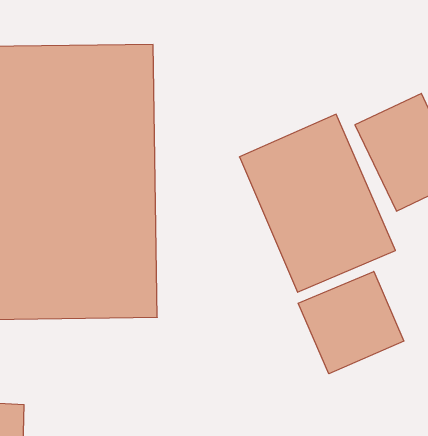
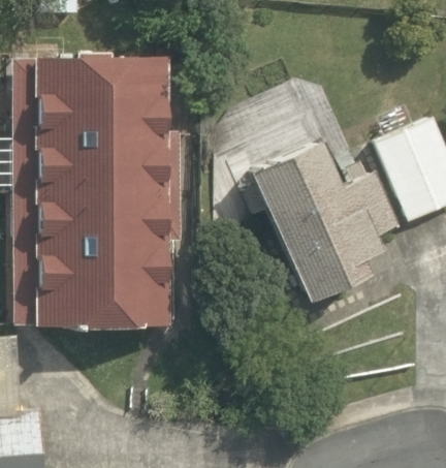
building: [298,271,404,374] -> none

